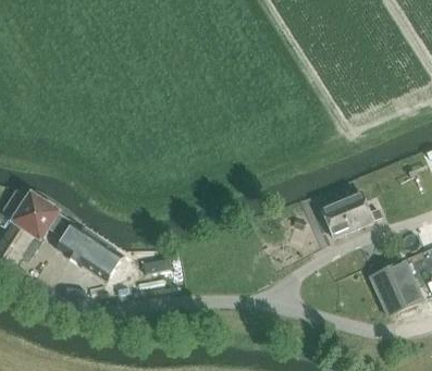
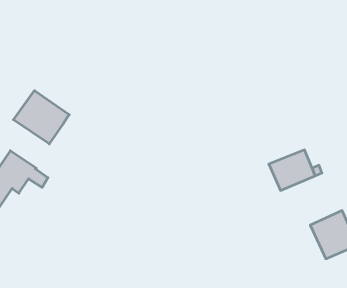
building: none -> [13,91,69,144]
building: [71,230,118,274] -> none

